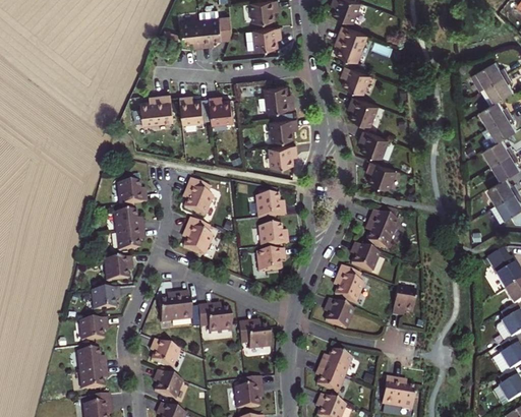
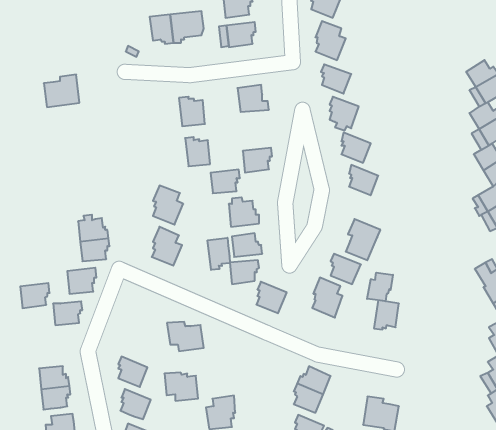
building: [140,94,174,124] -> [44,75,79,107]
building: [180,95,204,122] -> [185,137,210,166]
building: [271,117,298,139] -> [211,170,240,193]
building: [117,180,147,204] -> none
building: none -> [208,238,230,270]
building: none -> [367,273,393,301]
building: [158,292,191,323] -> none
building: [325,299,353,329] -> [256,282,287,313]
building: [79,317,107,341] -> [20,283,50,308]
building: [238,321,270,348] -> [164,373,198,401]

